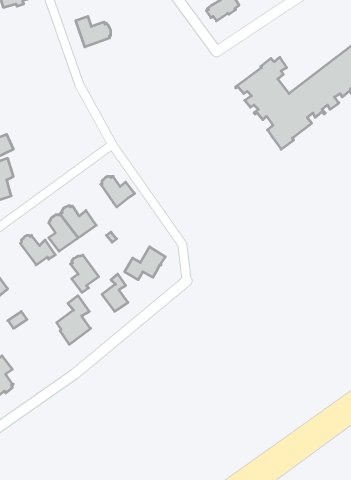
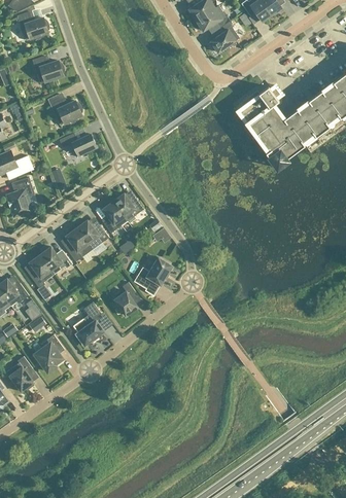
building: [76,16,111,47] -> [31,56,63,83]
building: none -> [46,94,81,126]
building: none -> [58,133,96,156]
building: none -> [101,201,127,233]
building: [70,255,99,292] -> [28,254,54,288]
building: none -> [34,334,64,371]

